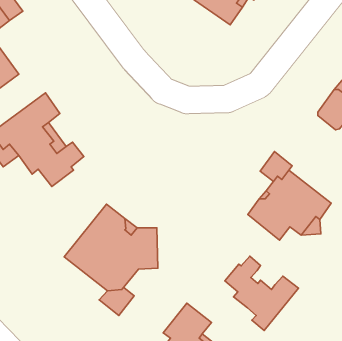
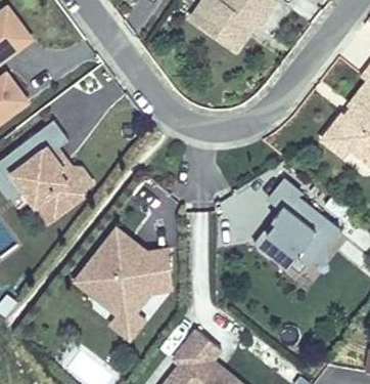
building: [225,256,298,330] -> none

